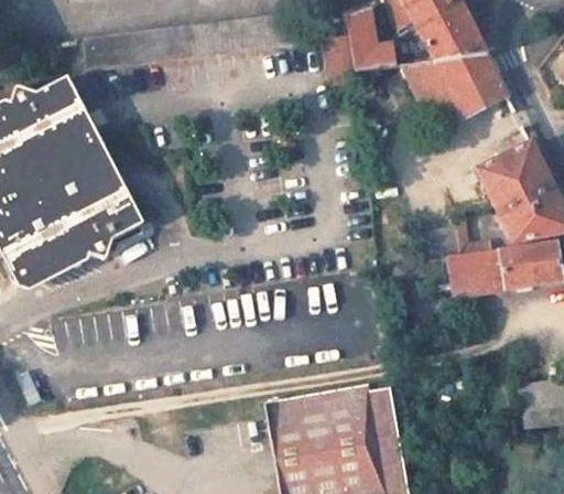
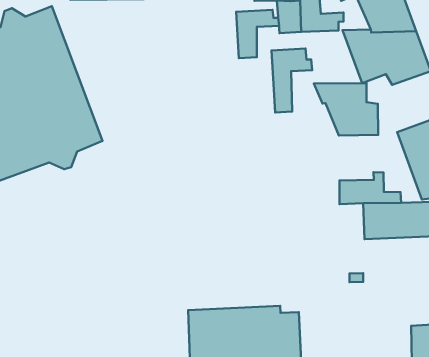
building: none -> [236,10,279,58]
building: none -> [271,49,312,113]
building: none -> [314,83,378,135]

